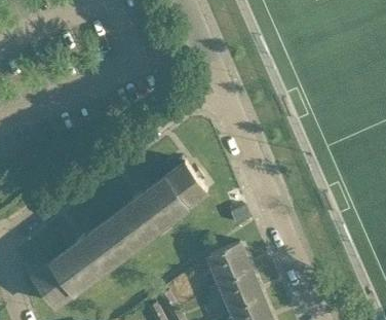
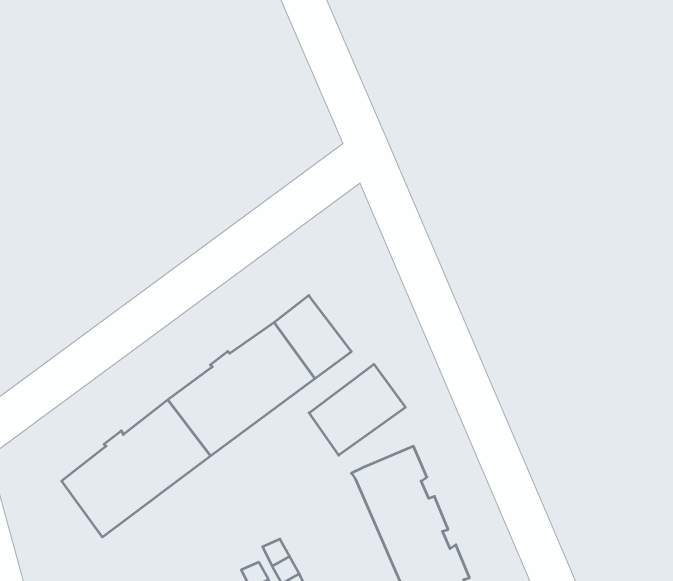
building: none -> [309,364,405,455]
building: [33,259,74,304] -> none

